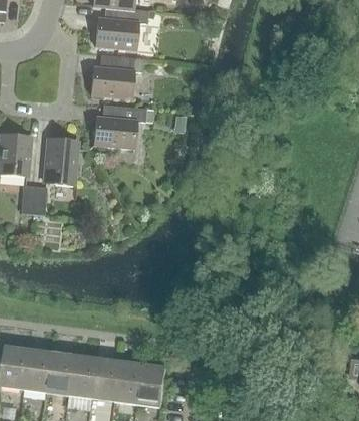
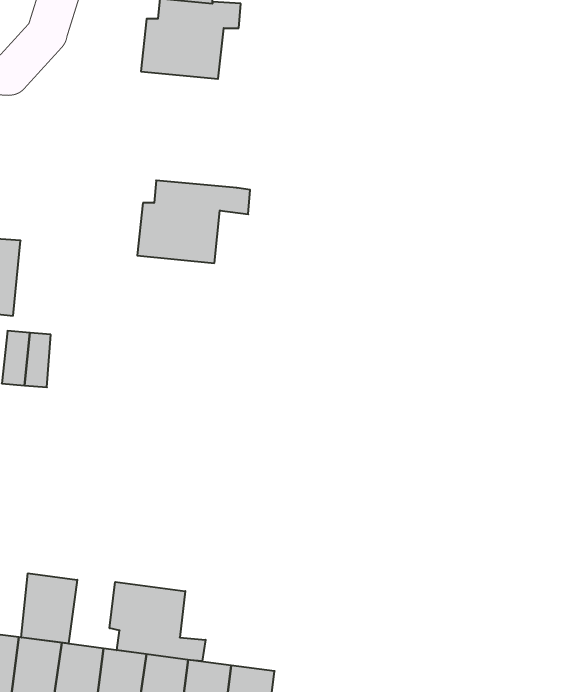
building: [91,55,144,99] -> none
building: [45,139,77,186] -> none
building: none -> [21,573,77,644]
building: none -> [110,582,206,661]

